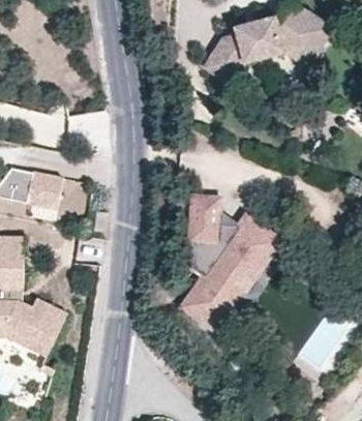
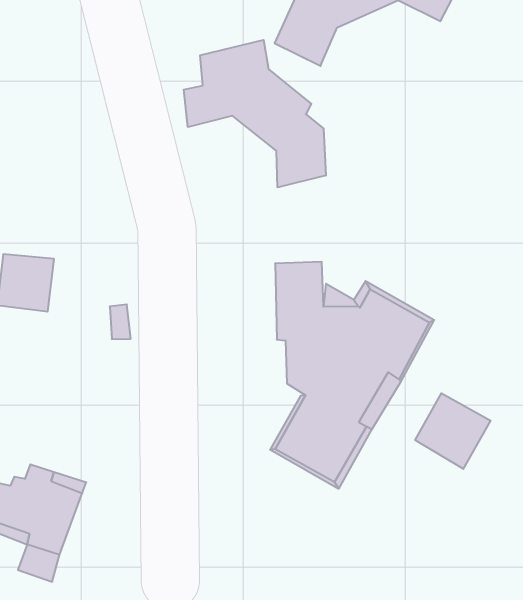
building: none -> [184,40,326,187]
building: none -> [415,393,491,469]

